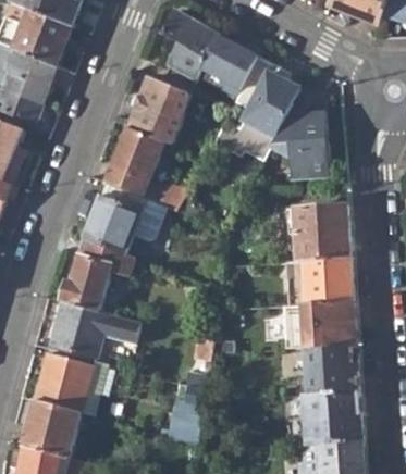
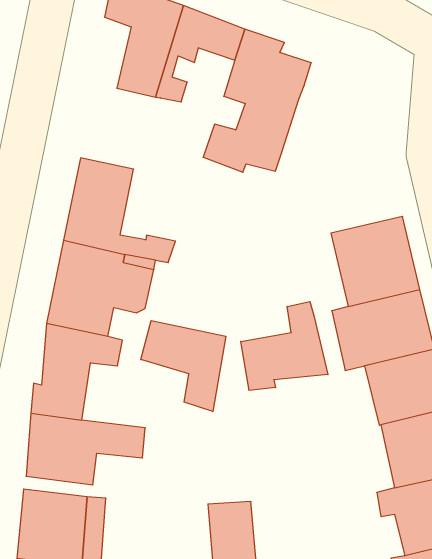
building: [126,78,189,146] -> none
building: [268,88,328,182] -> none
building: none -> [141,321,226,412]
building: none -> [241,302,328,390]

